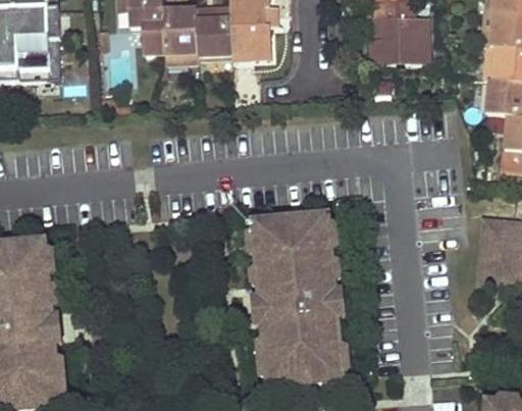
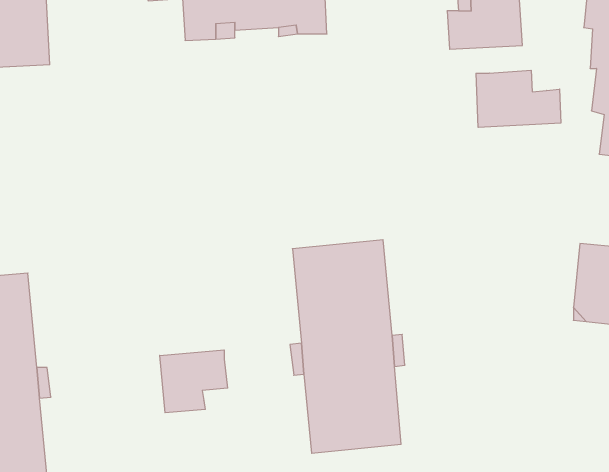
building: none -> [476,70,561,127]
building: none -> [160,350,228,413]

